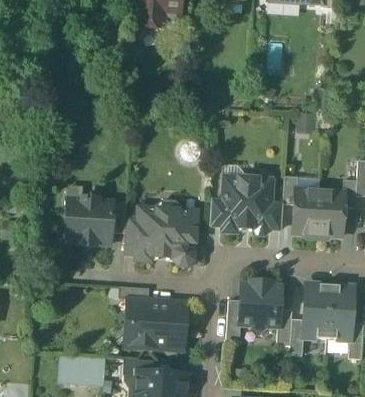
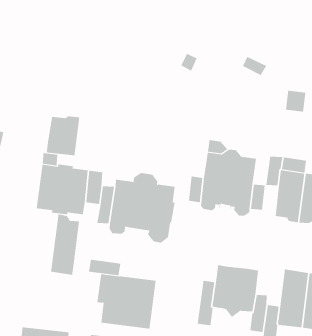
building: none -> [46,116,80,156]
building: none -> [50,214,80,276]

